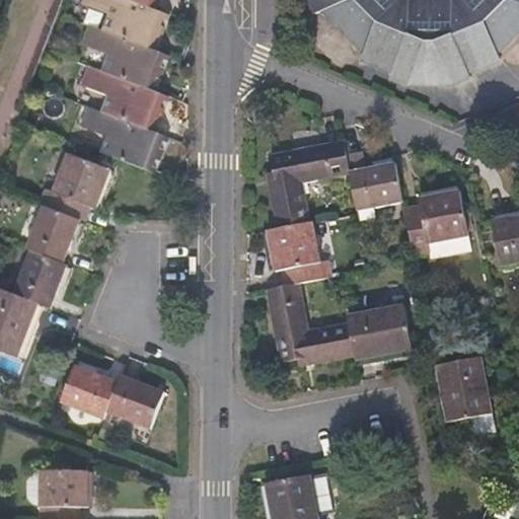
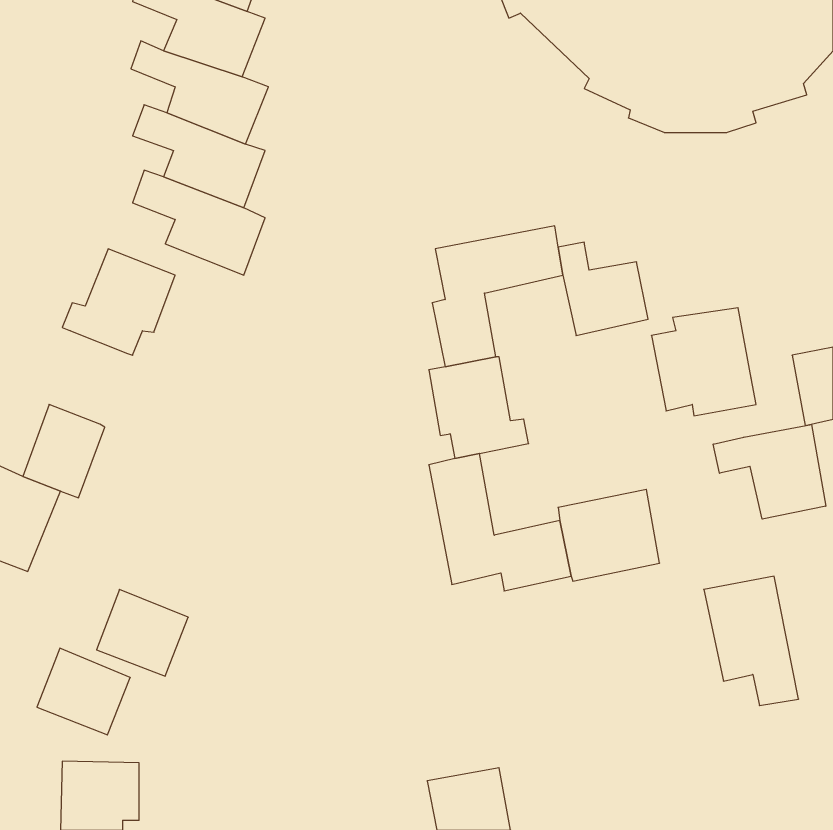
building: [25,205,79,263] -> none
building: none -> [713,424,826,519]
building: [105,374,163,428] -> [37,648,130,735]

